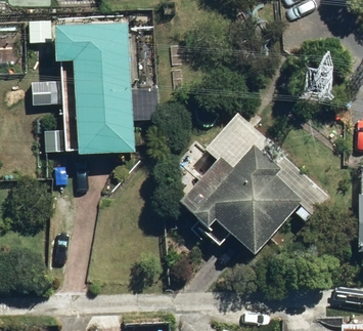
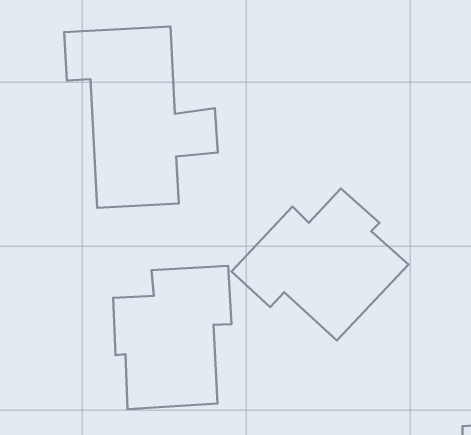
building: none -> [113,266,231,409]

